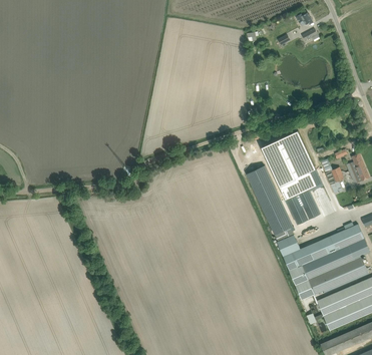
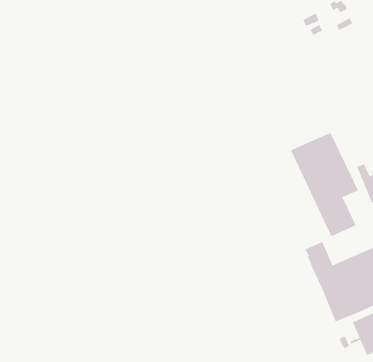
building: [246,165,292,235] -> none

